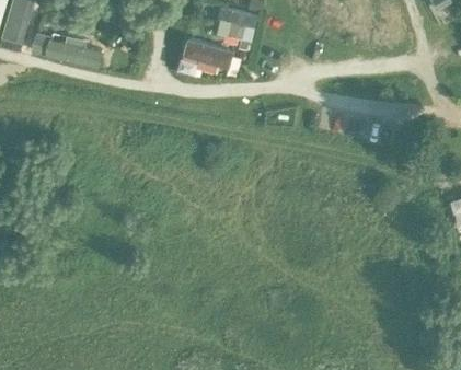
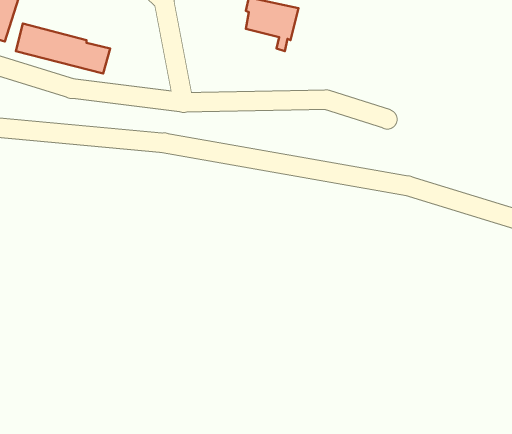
building: [180,37,237,76] -> none

